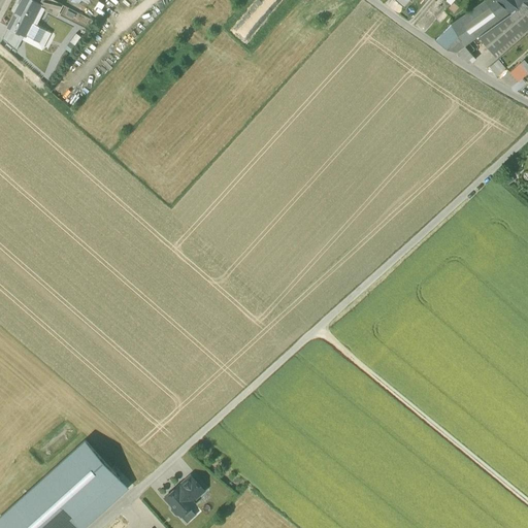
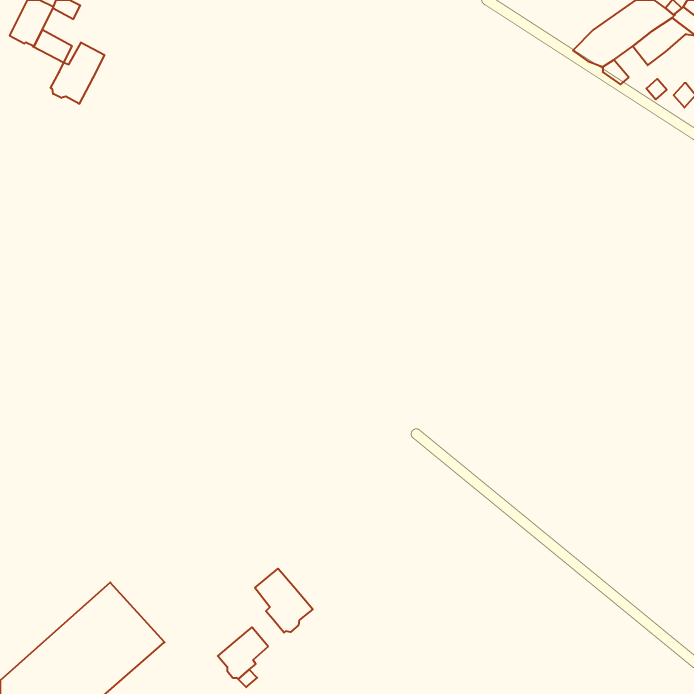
building: none -> [51,42,104,104]
building: none -> [255,569,313,633]

